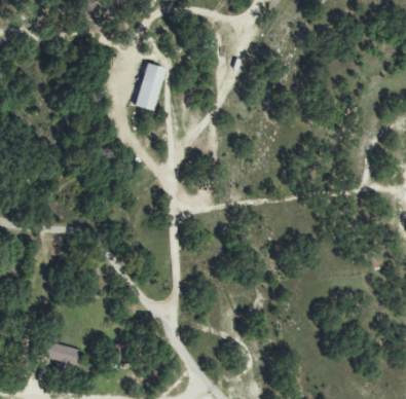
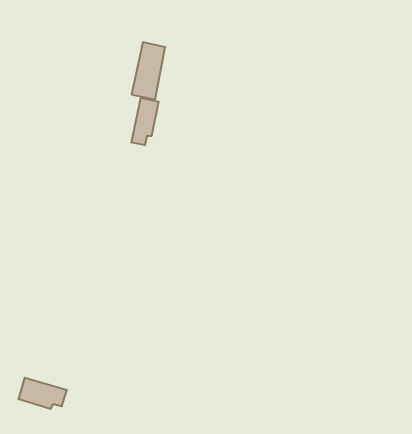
building: none -> [132,98,158,145]

